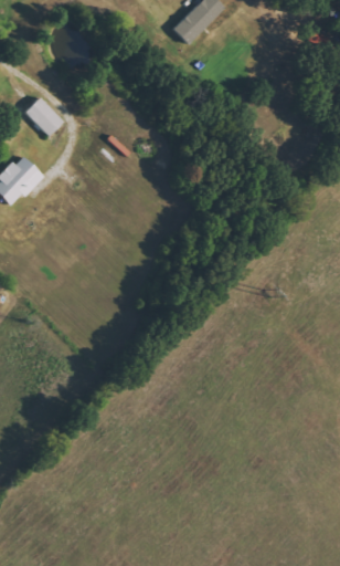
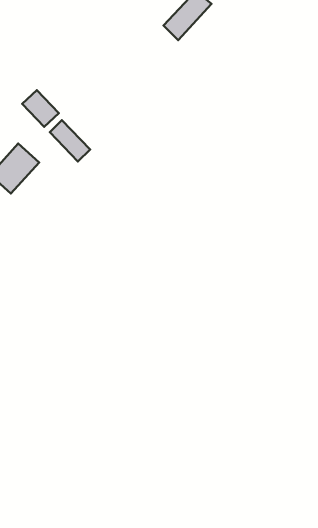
building: none -> [50,120,90,162]

